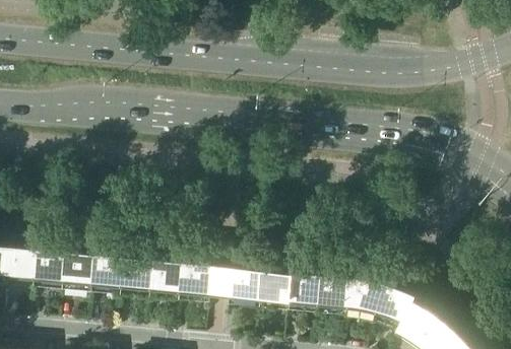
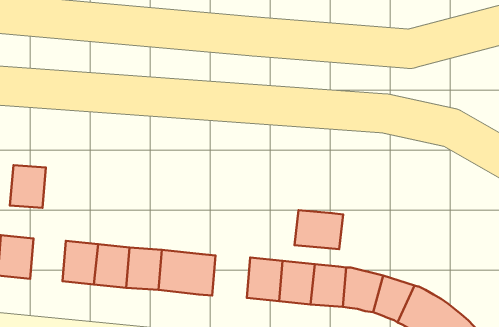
building: none -> [295,210,343,249]
building: [63,250,95,288] -> [10,165,46,208]
building: [229,265,263,303] -> none

